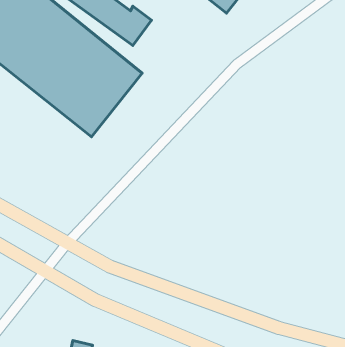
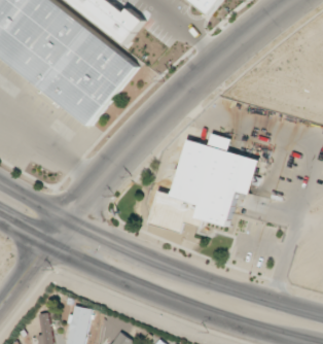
building: none -> [149,136,257,234]

